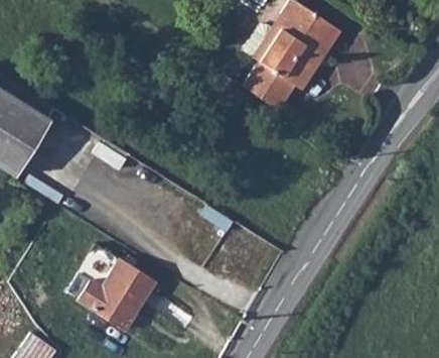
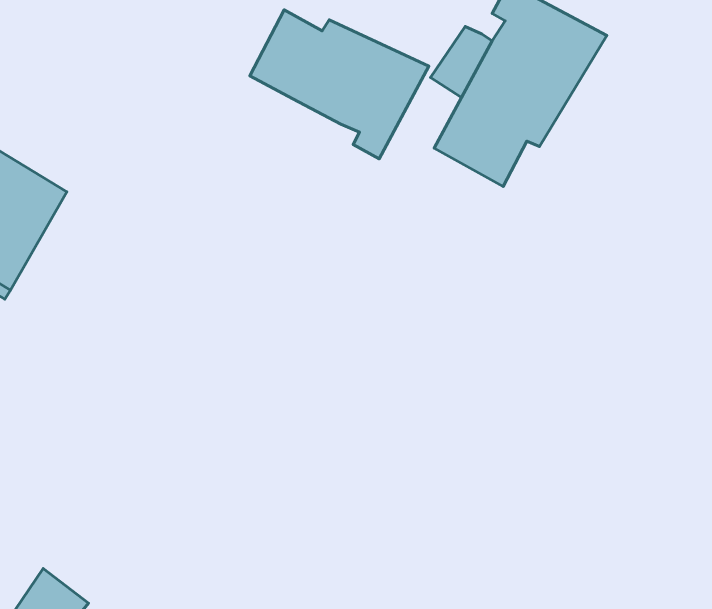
building: none -> [250,10,429,159]
building: [81,252,159,324] -> none

